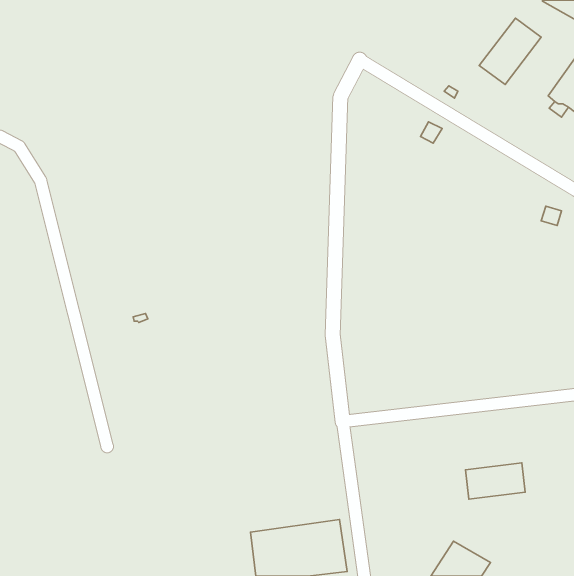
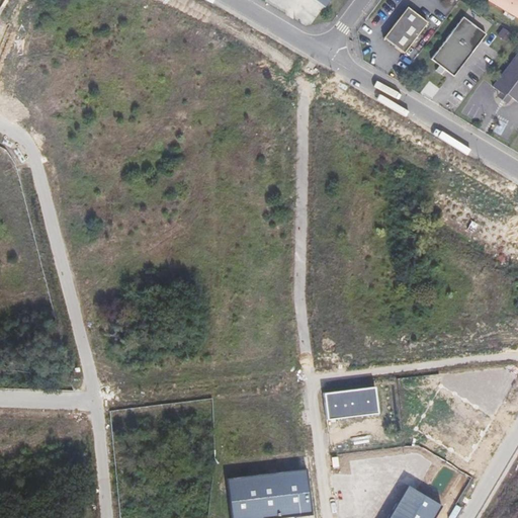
building: none -> [384,7,429,53]
building: [466,463,525,499] -> [325,386,378,419]

